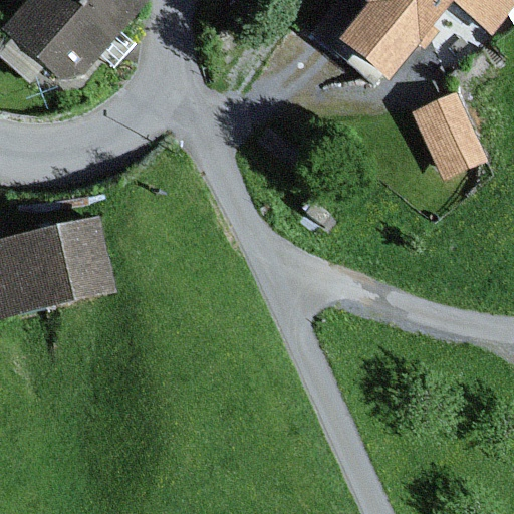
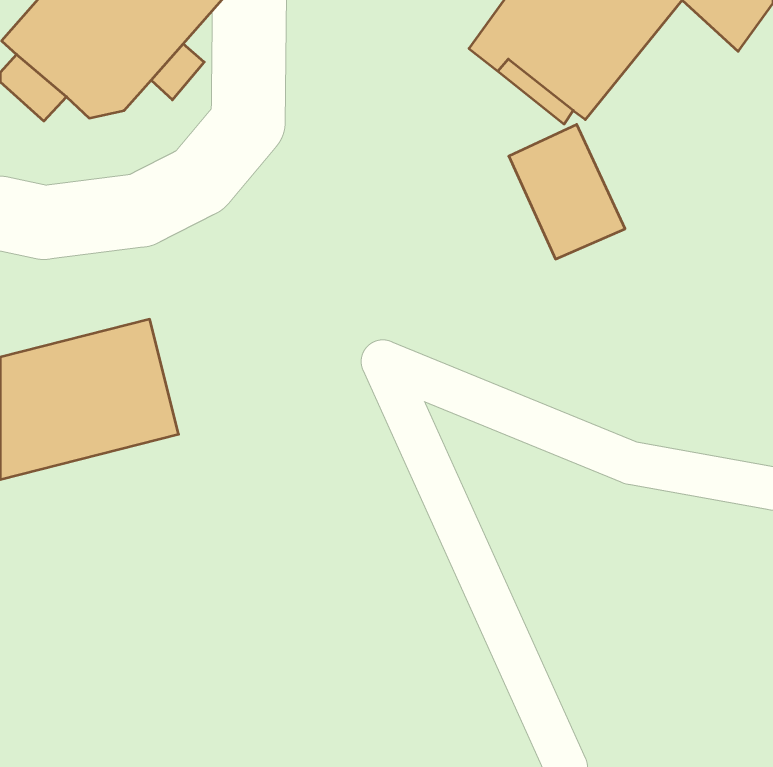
building: [411,89,488,179] -> [509,124,625,259]

